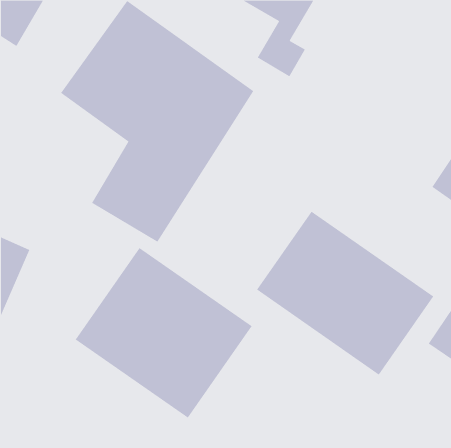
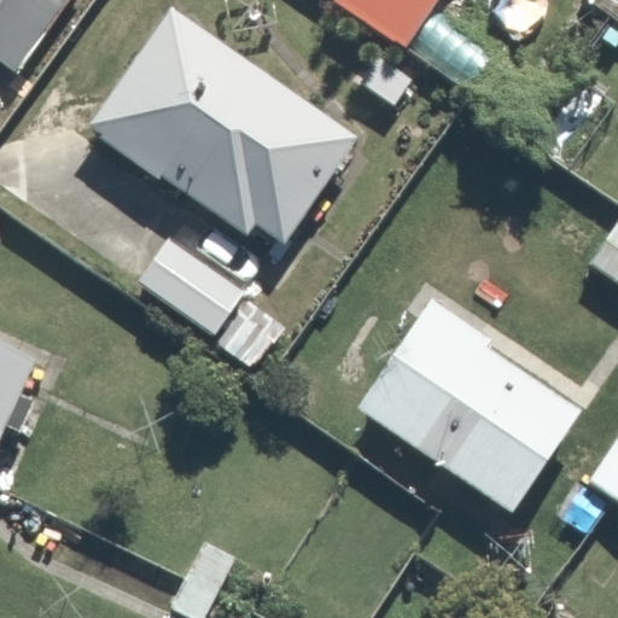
building: [75,247,253,418] -> none

